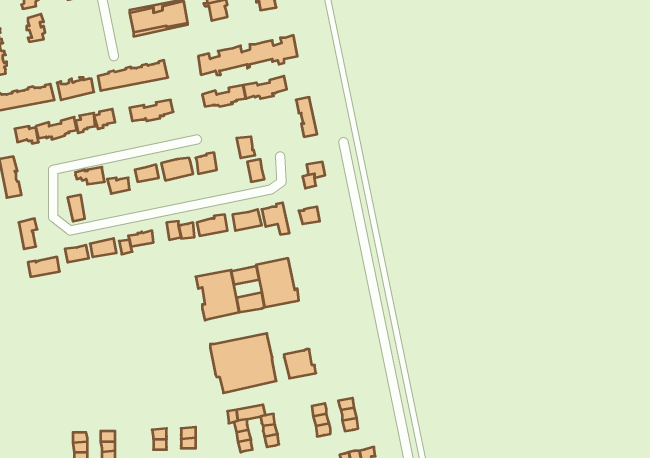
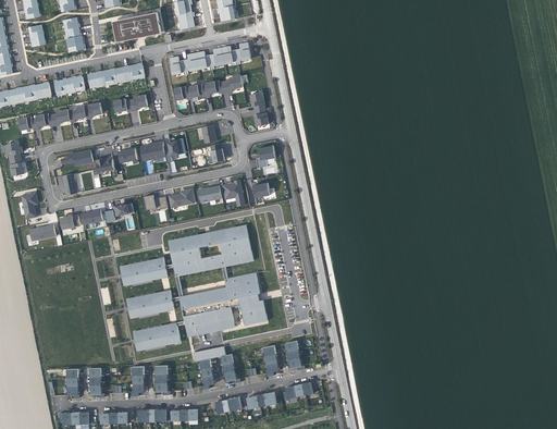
building: none -> [64,17,85,51]
building: none -> [122,257,166,285]
building: none -> [224,272,260,307]
building: none -> [128,290,173,318]
building: none -> [135,322,180,351]

